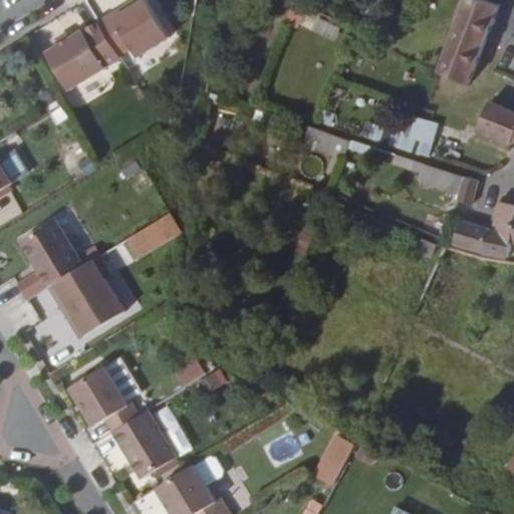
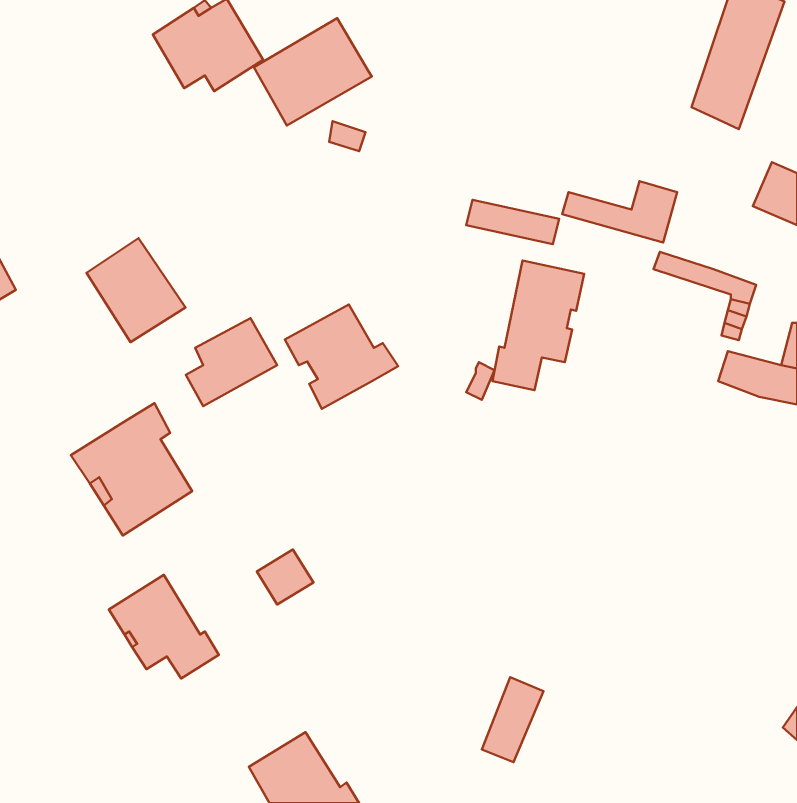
building: [44,22,119,90] -> [254,18,372,125]
building: none -> [492,261,584,390]
building: none -> [285,305,398,409]
building: [17,224,80,290] -> [86,238,186,342]
building: [115,412,178,479] -> none

